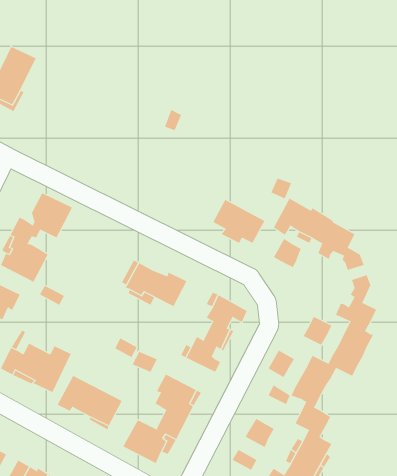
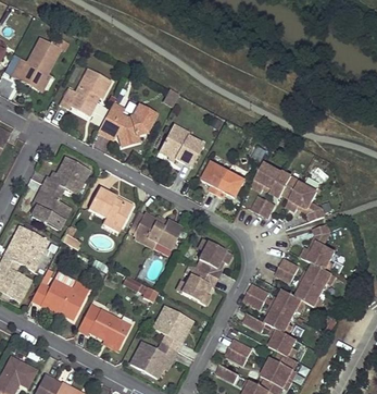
building: none -> [59,67,111,116]
building: none -> [97,106,154,146]
building: none -> [159,125,202,167]
building: none -> [88,186,133,232]

